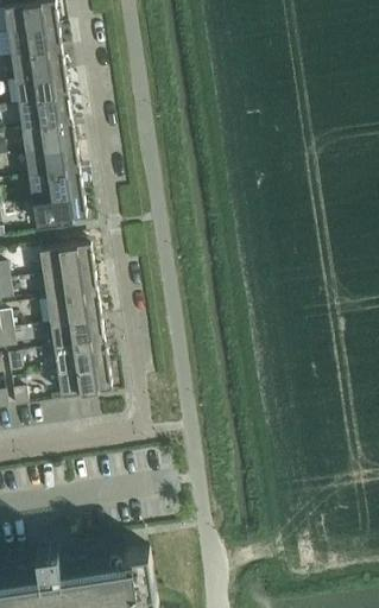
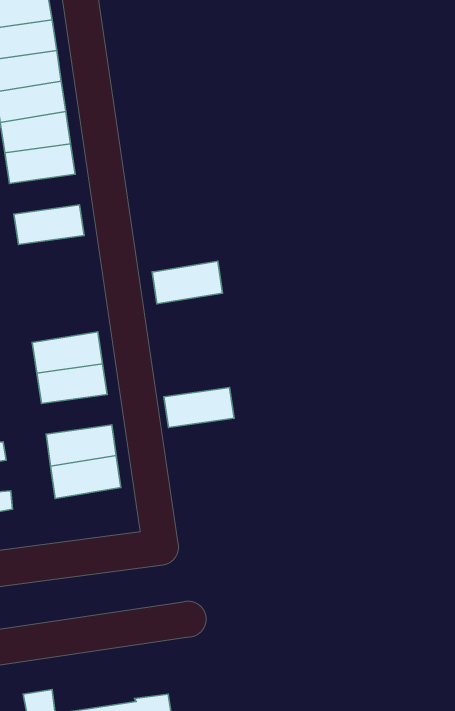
building: [25,145,80,176] -> none
building: [32,192,87,226] -> none
building: [39,242,94,276] -> [152,261,223,304]
building: [50,316,105,347] -> [164,388,234,427]

